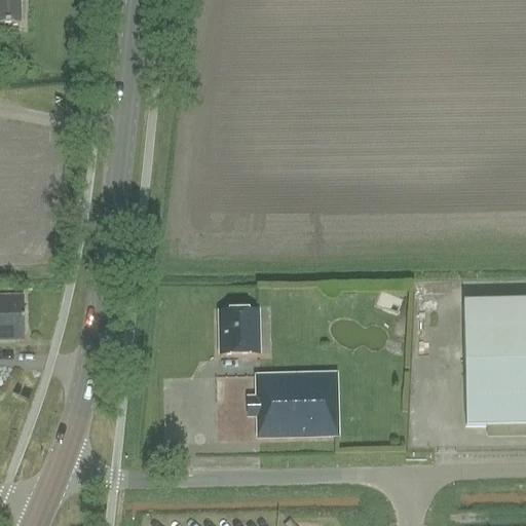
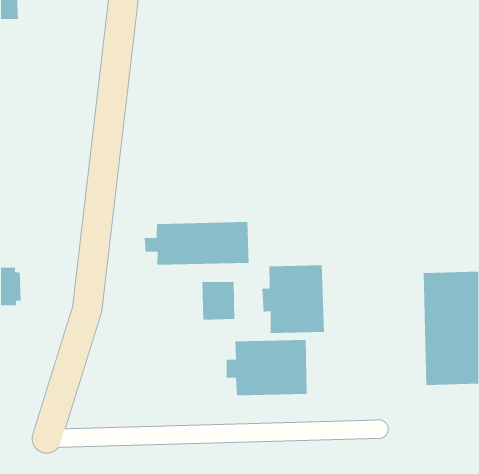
building: none -> [144,221,250,266]
building: none -> [262,264,325,334]

